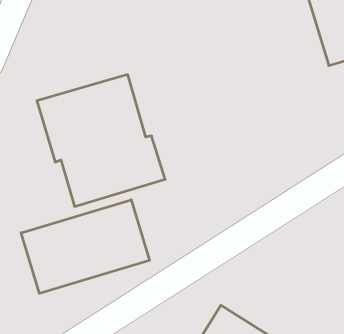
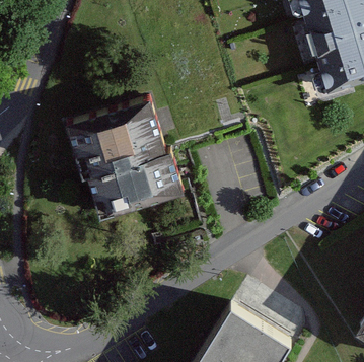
building: [21,200,150,293] -> none

